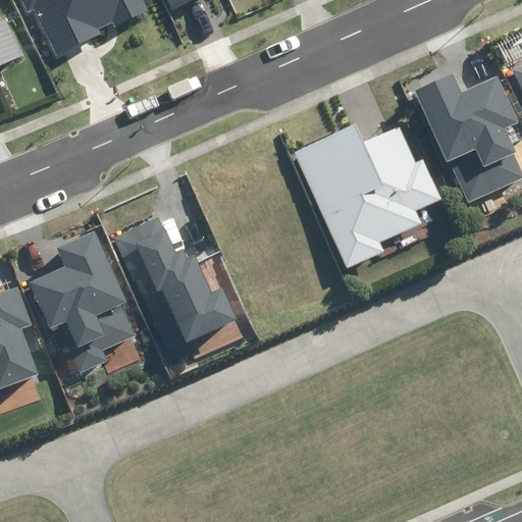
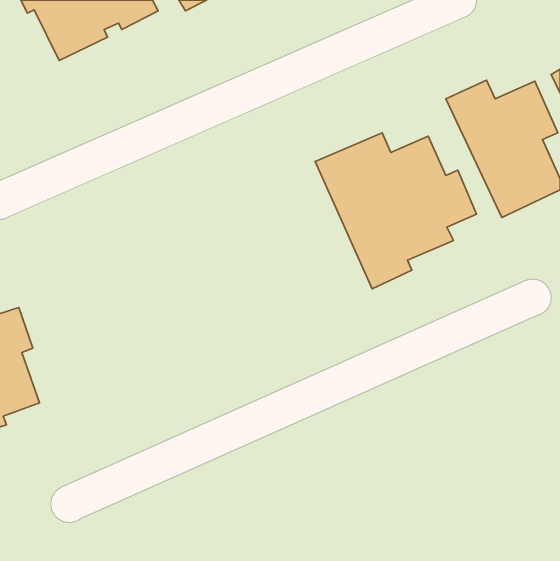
building: [114,217,236,352] -> none
building: [28,230,135,373] -> none

